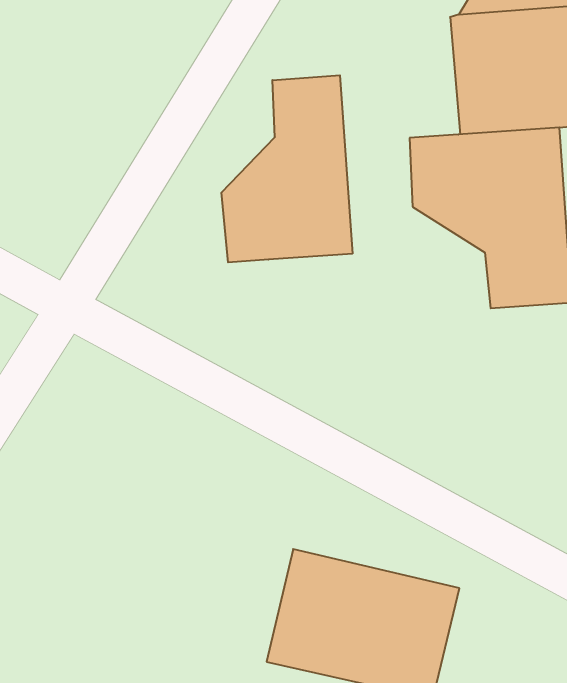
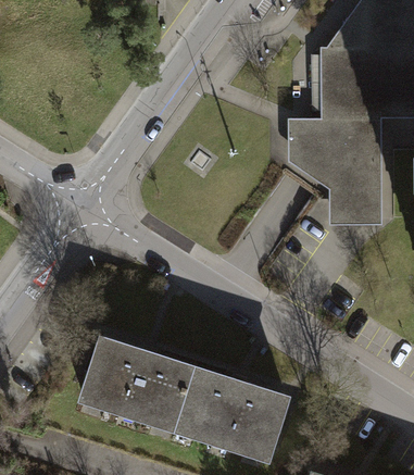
building: [222,75,352,262] -> none
building: none -> [90,338,203,433]

